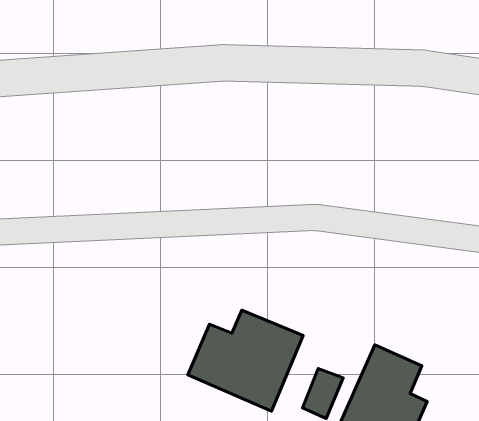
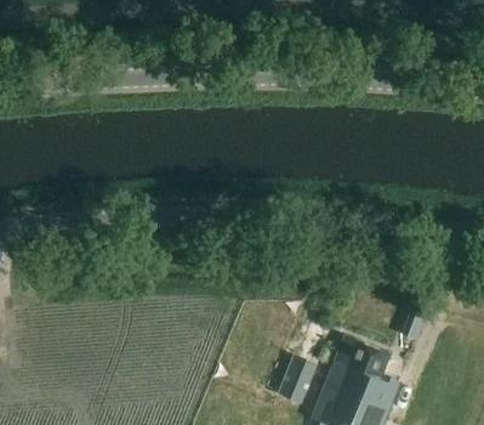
building: [188,310,303,411] -> none

